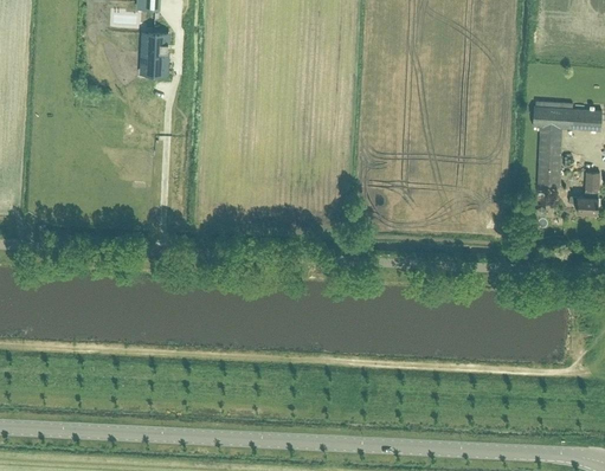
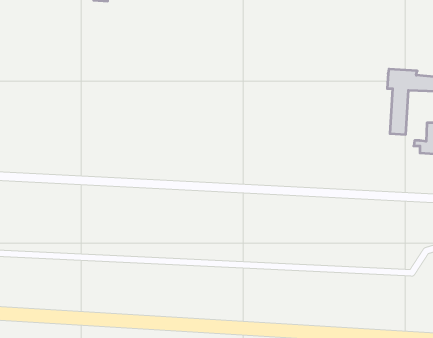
building: [142,32,168,75] -> none

